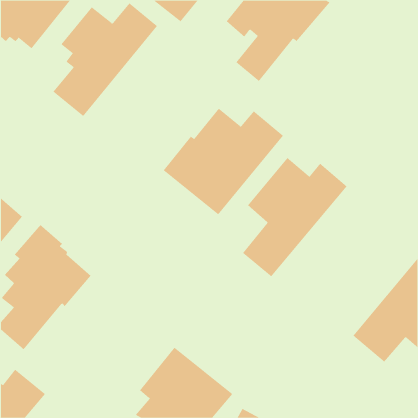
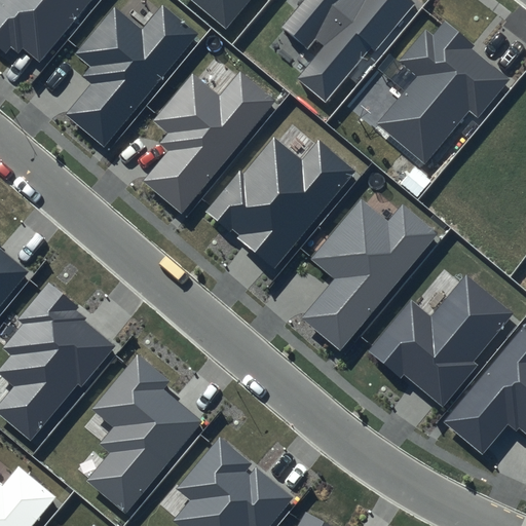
building: none -> [376,20,509,163]
building: none -> [144,70,275,213]
building: none -> [367,272,515,408]
building: none -> [84,353,204,516]

